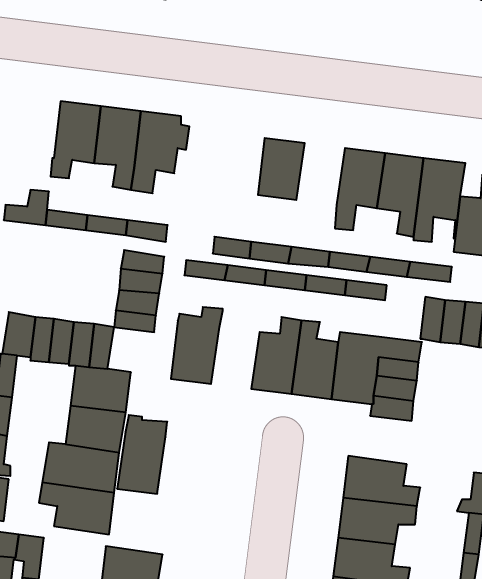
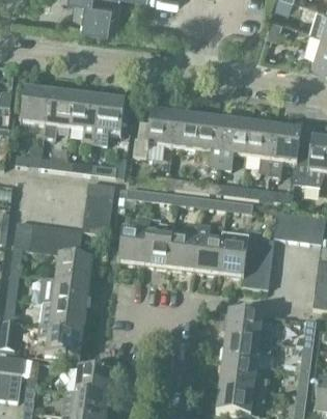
building: none -> [21,86,50,124]
building: none -> [133,109,176,157]
building: none -> [196,115,226,168]
building: [117,415,167,494] -> [143,219,174,268]

